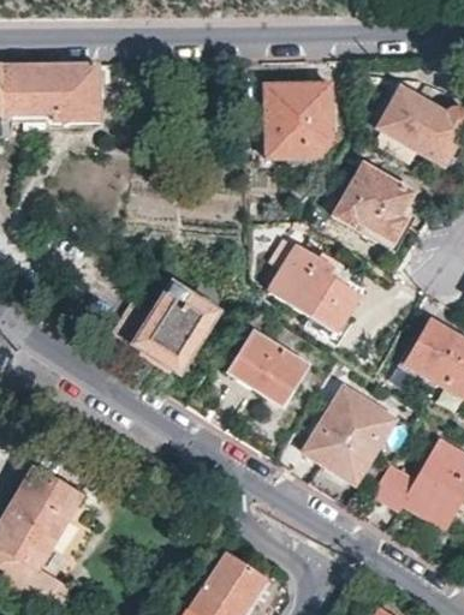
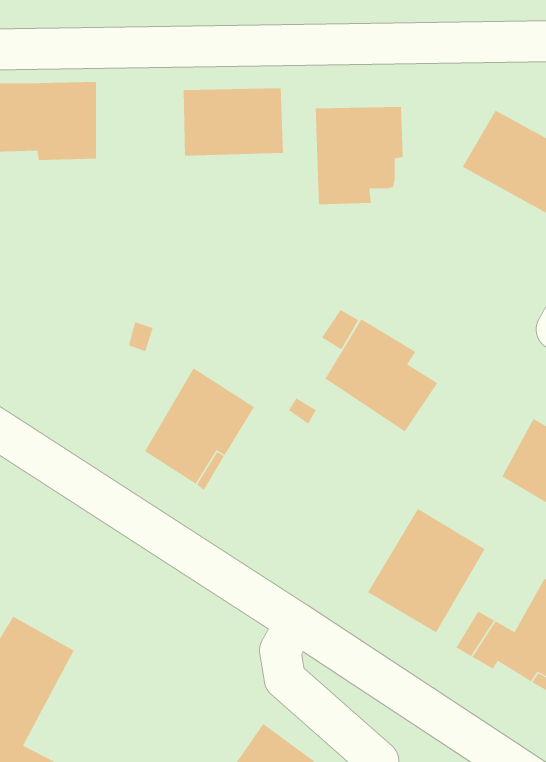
building: none -> [183,87,283,157]
building: [333,162,415,241] -> none
building: [230,329,308,404] -> none

